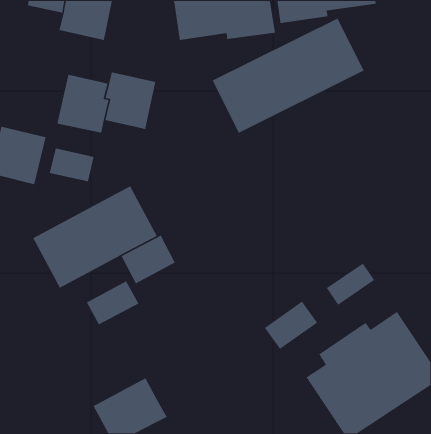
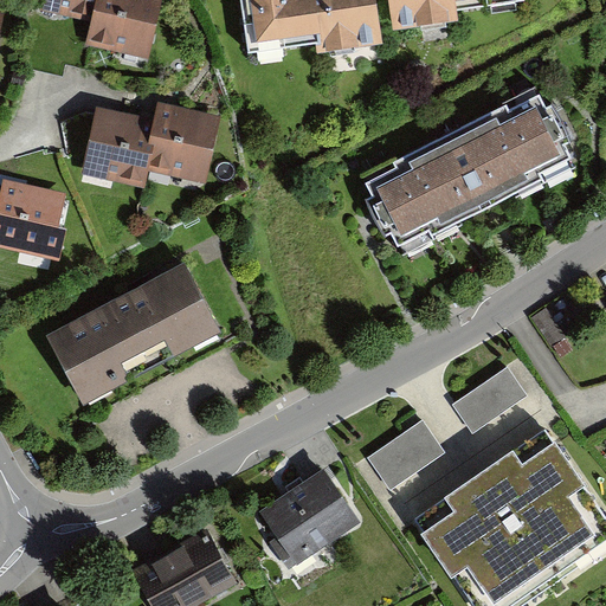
building: [211,17,365,134] -> [362,95,576,257]
building: [49,147,95,182] -> none
building: [121,234,176,284] -> none
building: [86,280,139,326] -> none
building: none -> [260,469,361,563]

